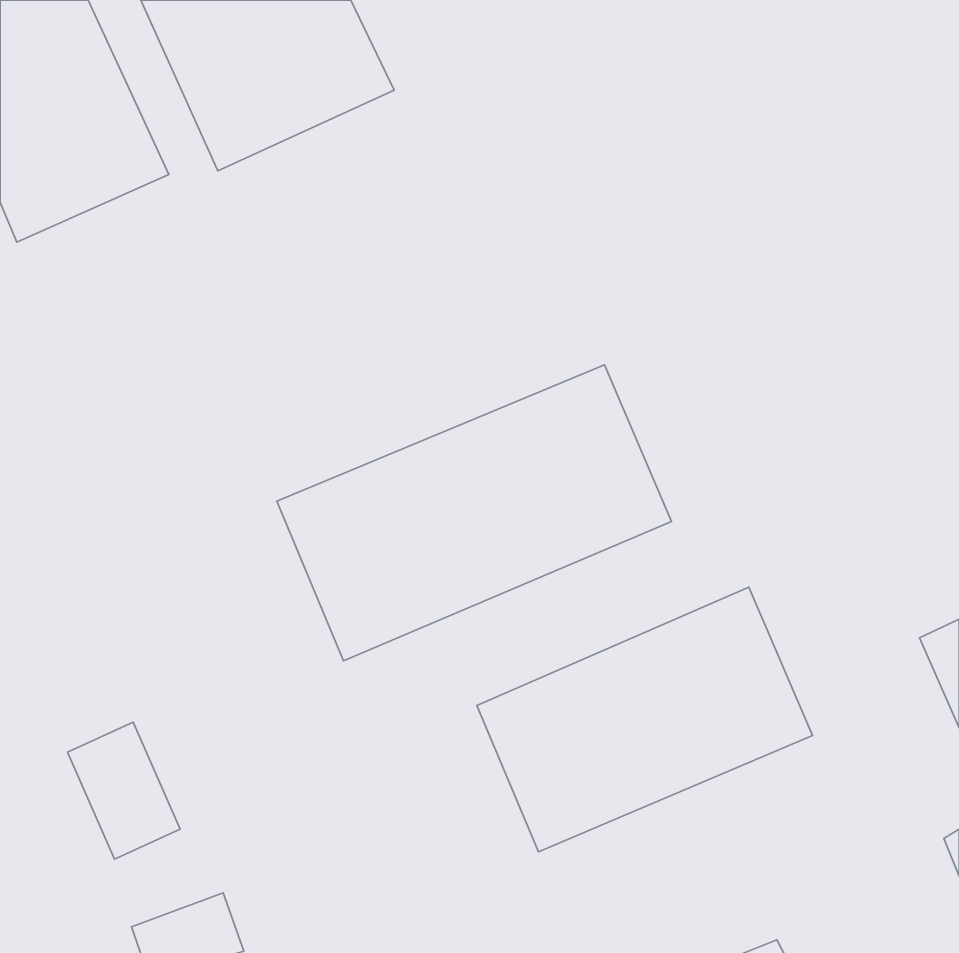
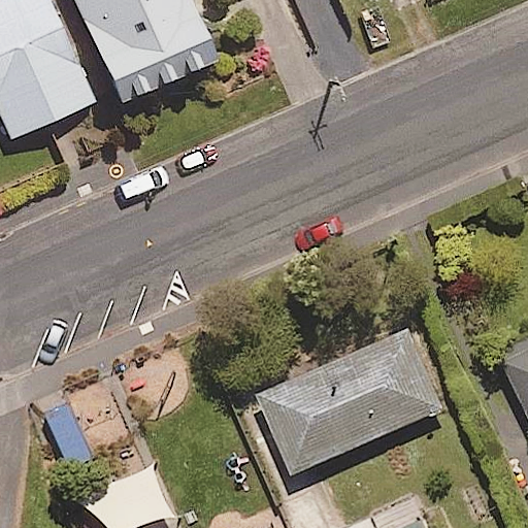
building: [277,365,671,661] -> none

